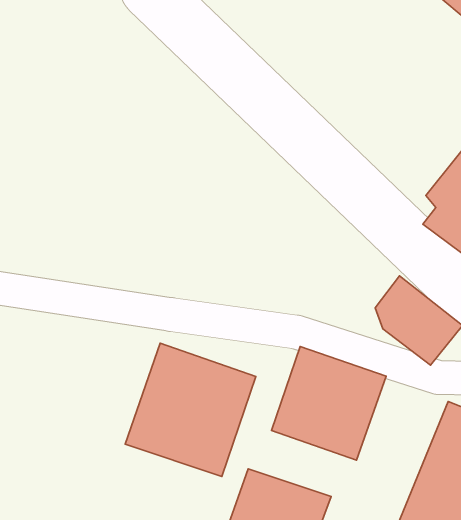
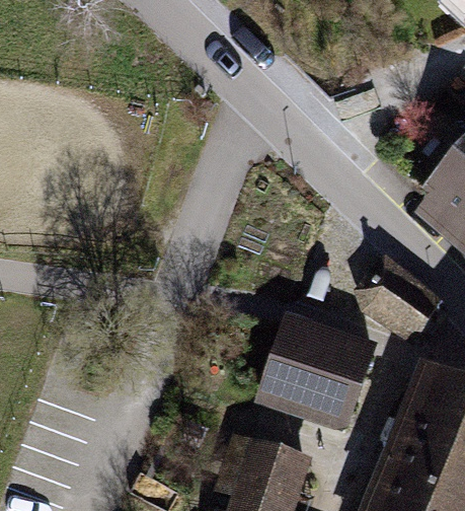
building: [125,343,256,477] -> none

